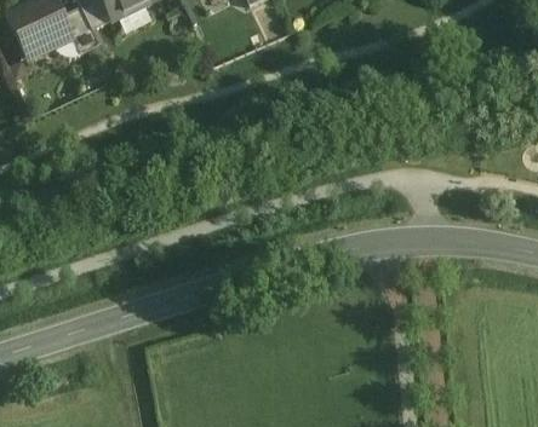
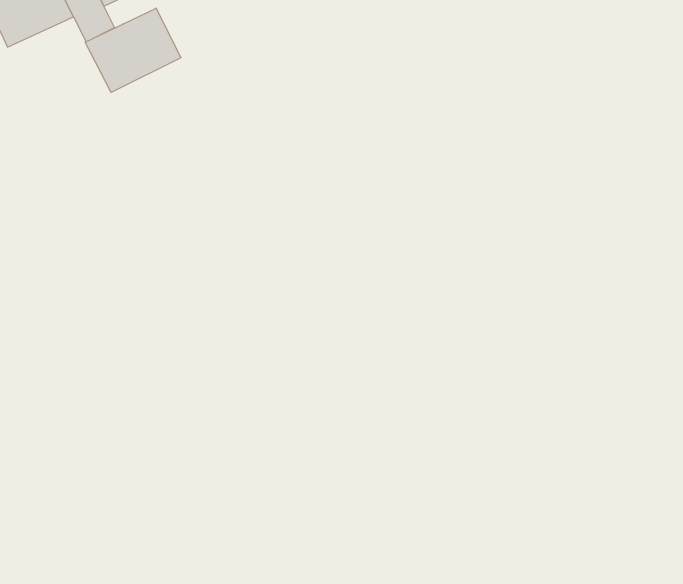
building: none -> [85,8,181,92]

